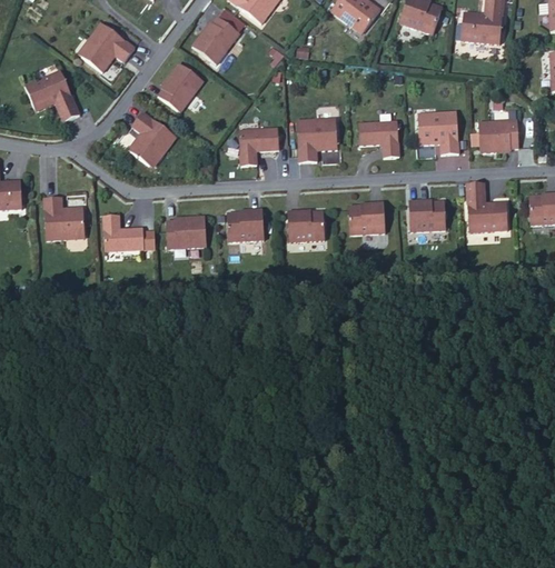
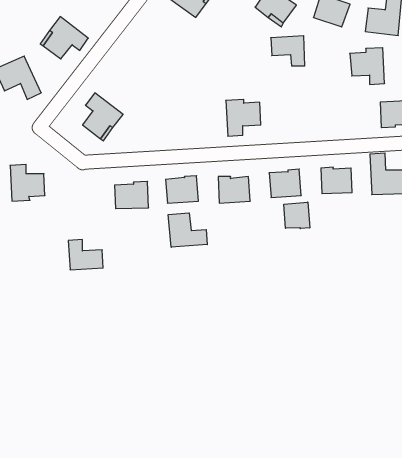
building: [192,16,240,63] -> none
building: [158,62,204,112] -> none
building: [418,111,459,155] -> [350,48,385,84]
building: [359,121,399,157] -> [271,36,305,66]
building: [239,128,279,166] -> none
building: [102,215,143,250] -> [68,240,103,270]
building: none -> [284,202,310,229]
building: none -> [168,213,207,247]

